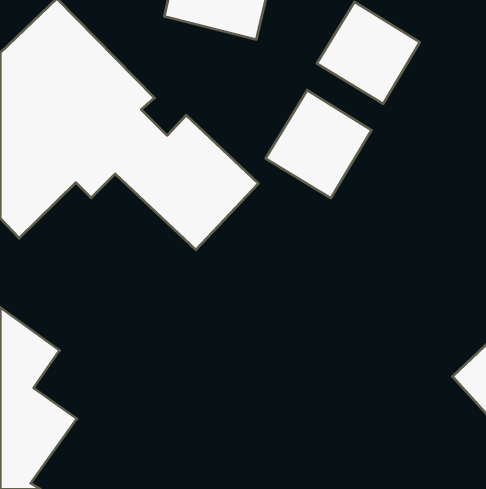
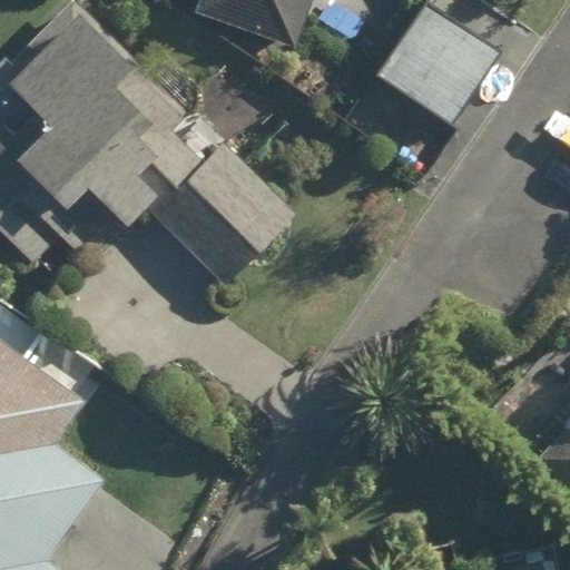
building: [266,90,372,198] -> none

